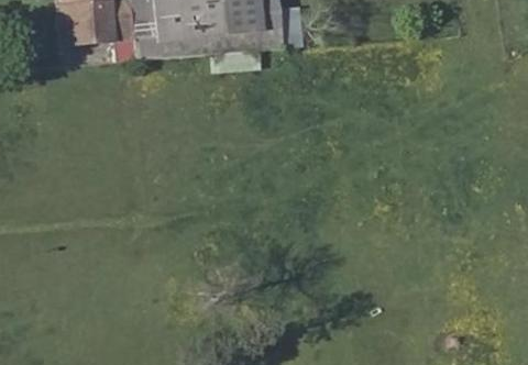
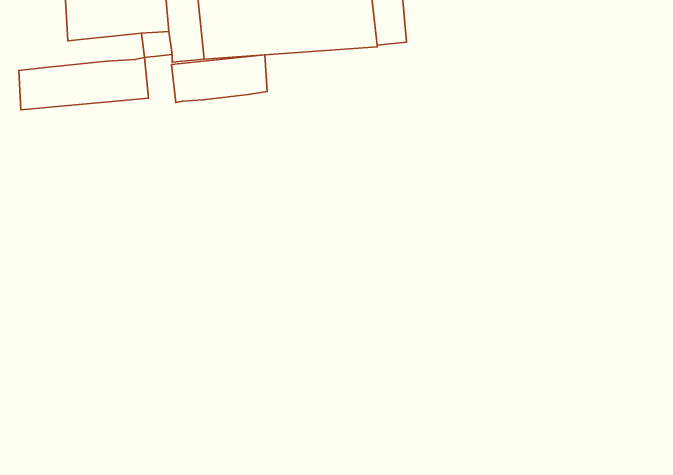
building: none -> [172,55,267,103]
building: none -> [19,58,148,110]

